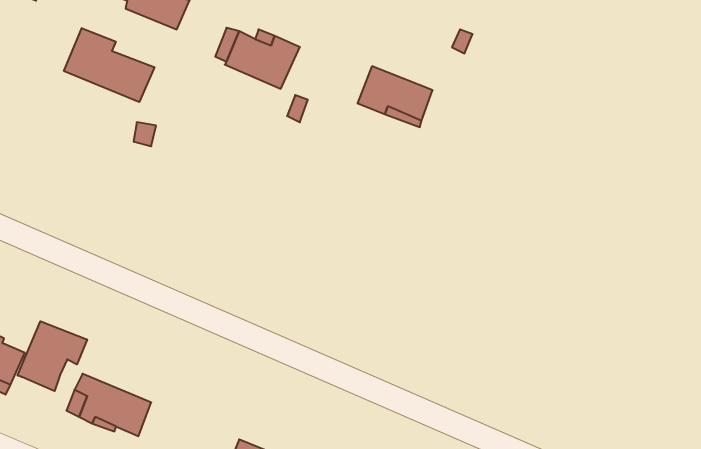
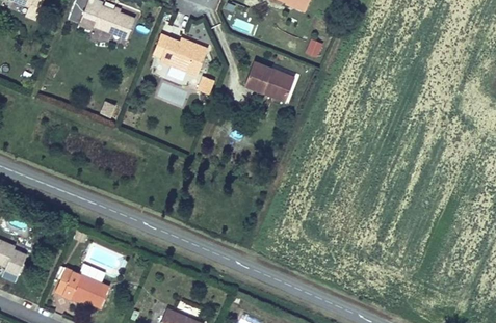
building: [64,28,154,102] -> none
building: [18,321,87,391] -> none

